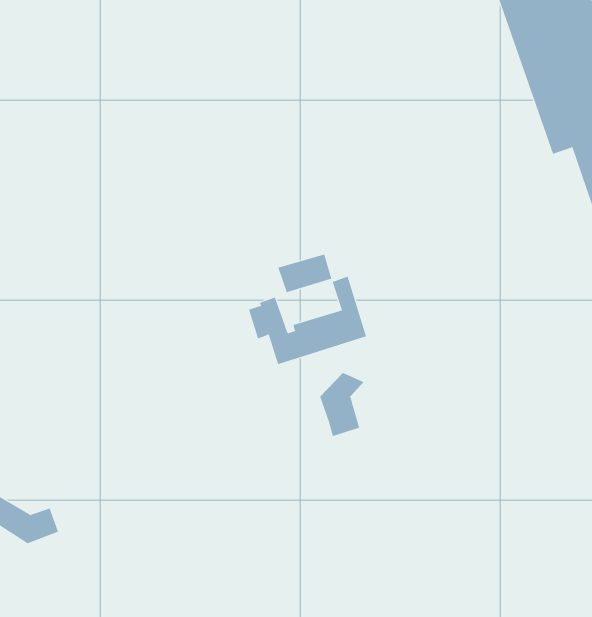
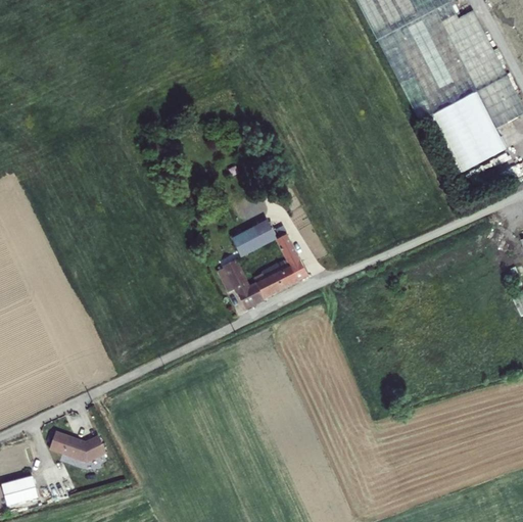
building: [319,372,365,437] -> none

